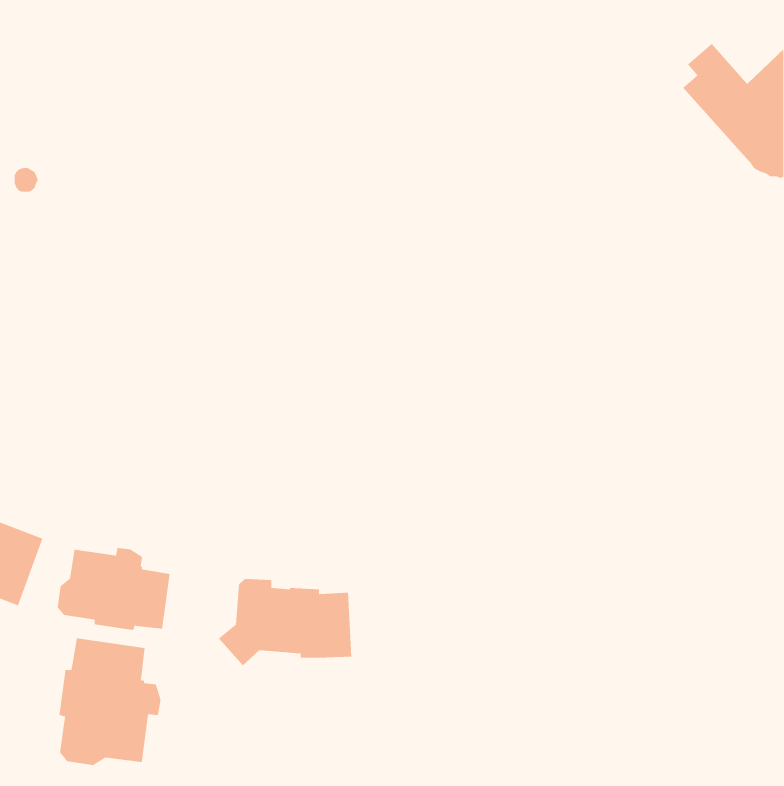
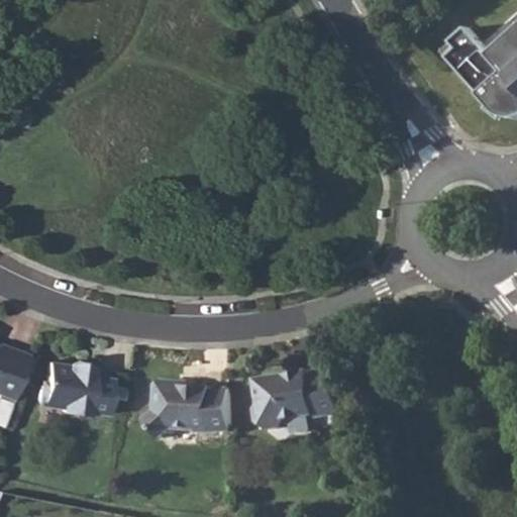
building: none -> [255,371,340,429]
building: [59,637,161,766] -> none

